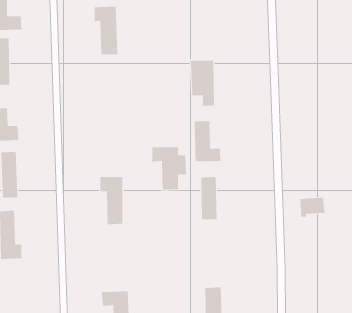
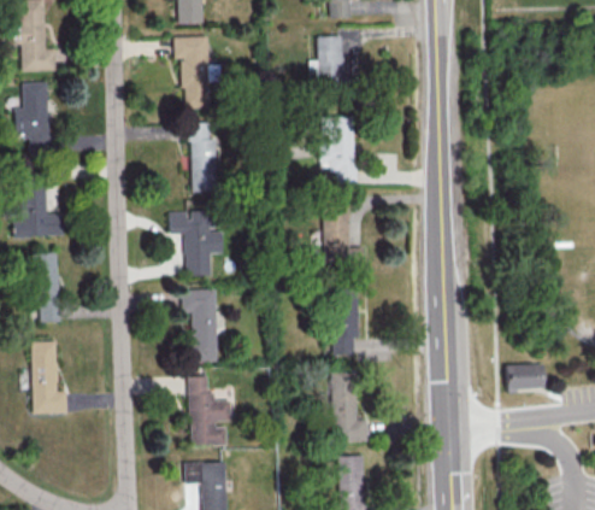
building: none -> [310,35,344,83]
building: none -> [190,122,216,192]
building: [151,147,187,190] -> [171,211,224,276]
building: [300,197,325,217] -> [506,365,544,395]
building: none -> [332,370,369,441]
building: none -> [190,375,232,445]

